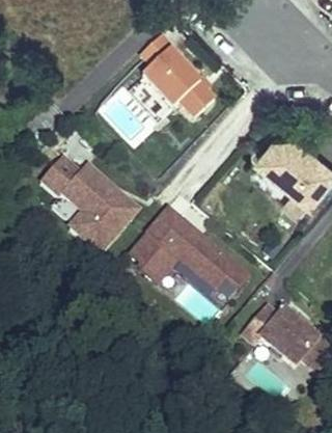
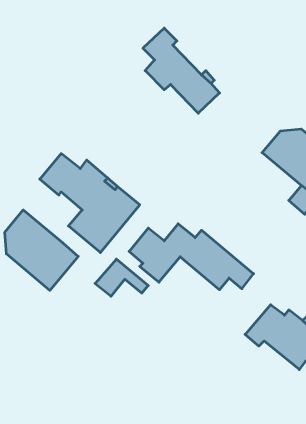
building: [147,205,199,241] -> [95,259,148,296]
building: none -> [5,210,78,290]

